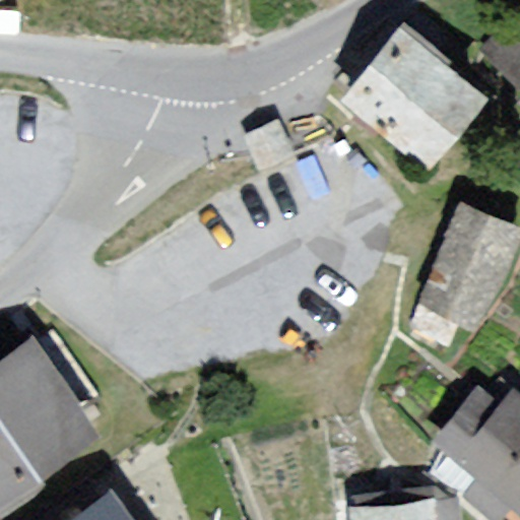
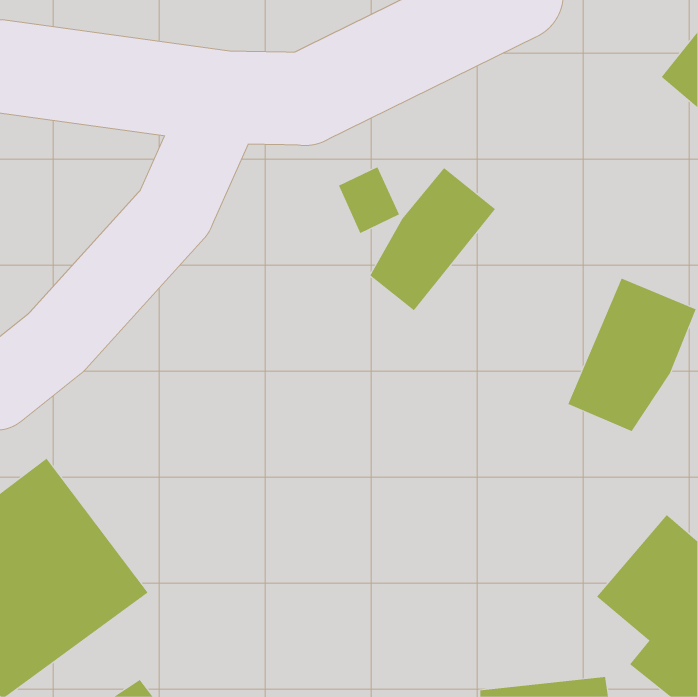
building: [348,34,475,156] -> none
building: none -> [369,167,496,311]

